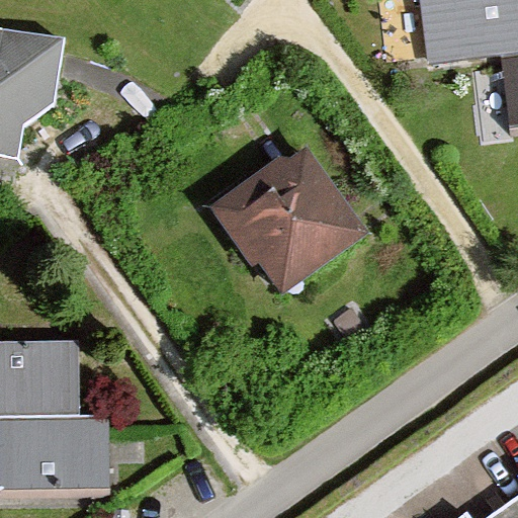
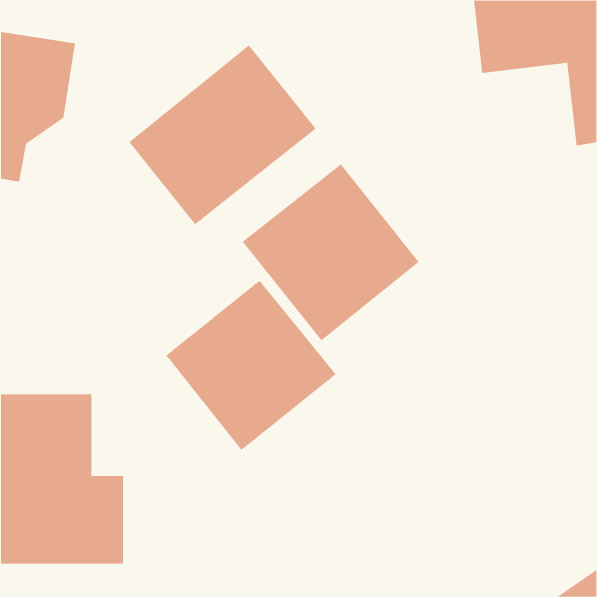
building: none -> [128,45,316,225]
building: none -> [166,280,337,451]

